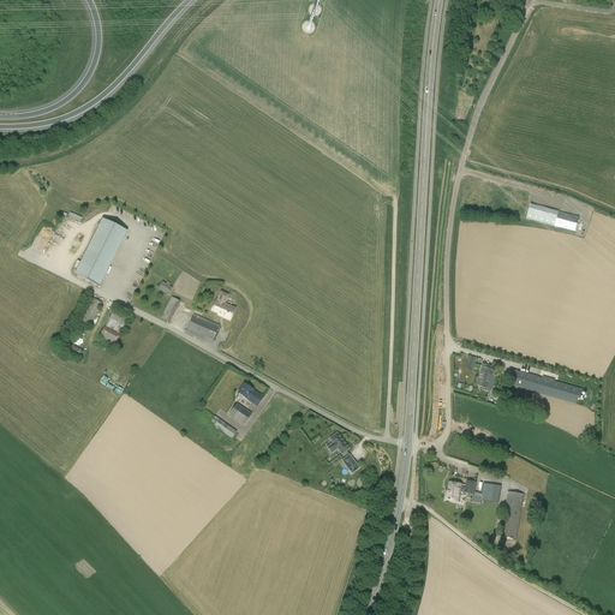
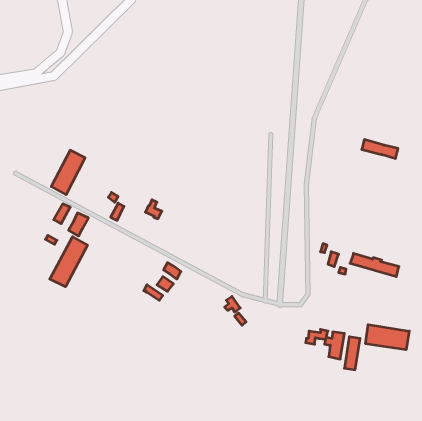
building: [186,312,220,339] -> none
building: none -> [50,237,87,287]
building: none -> [366,325,409,350]

